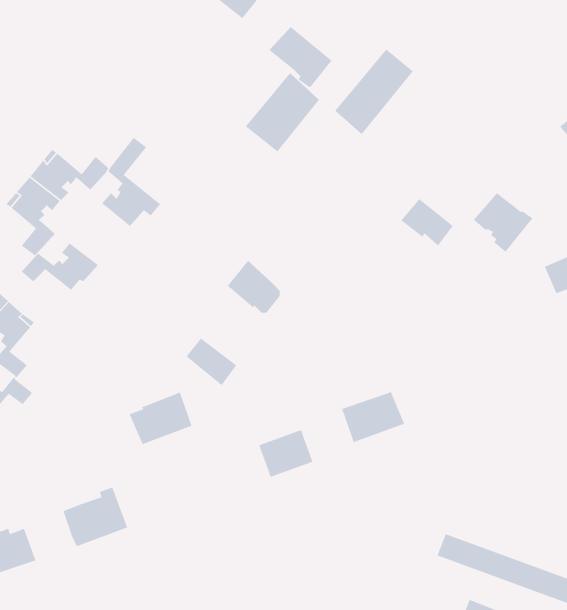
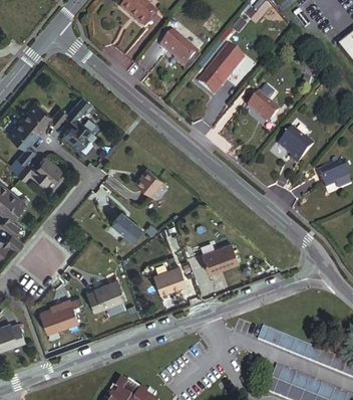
building: [245,72,320,153] -> none
building: [400,198,454,247] -> [249,92,280,121]
building: [128,391,192,445] -> [88,279,125,311]

